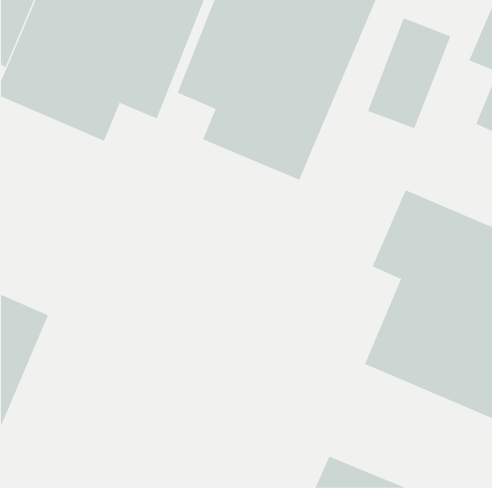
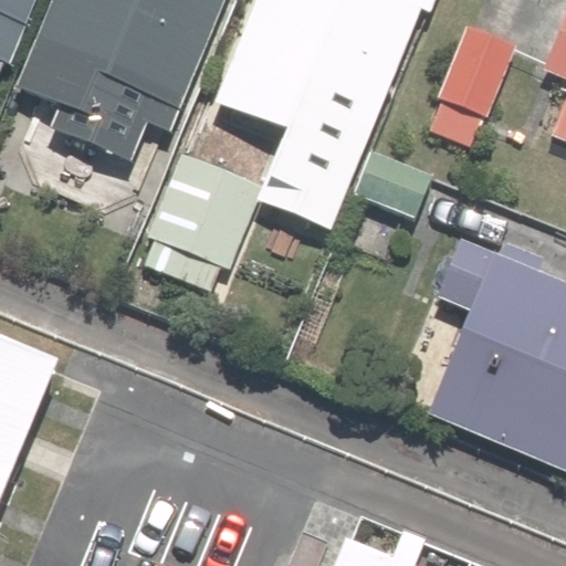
building: none -> [129,143,268,294]

